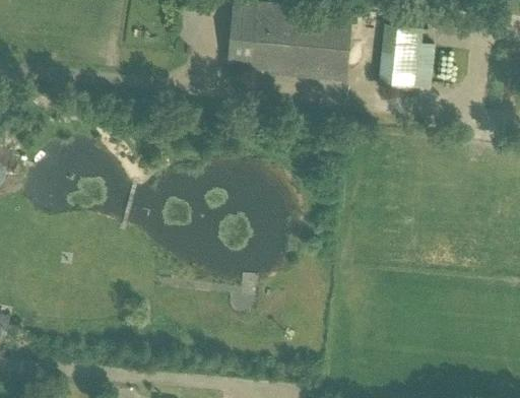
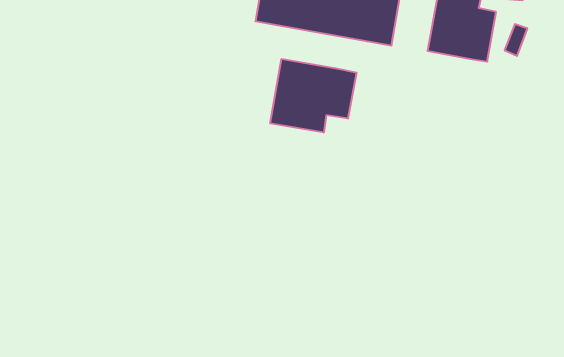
building: none -> [270,59,357,133]

